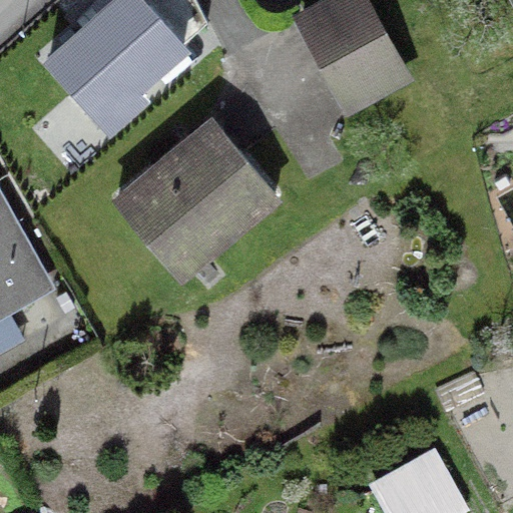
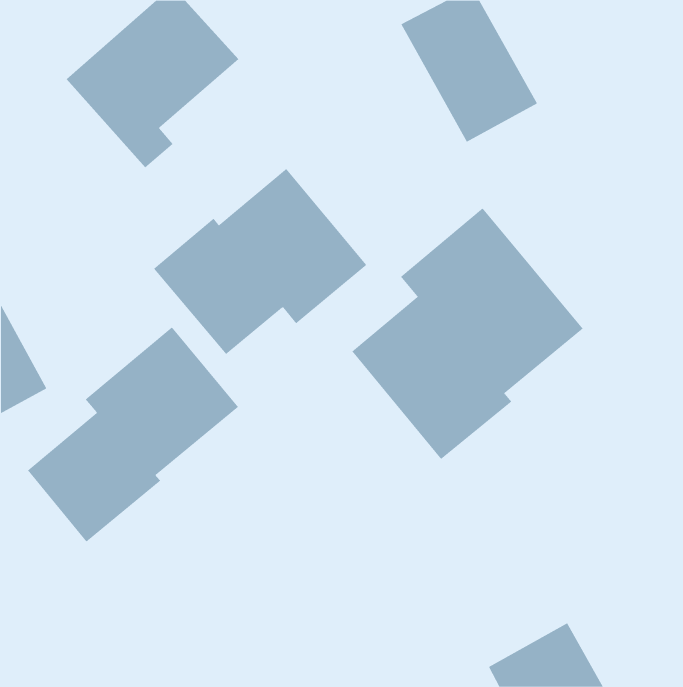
building: none -> [352,208,583,460]
building: none -> [27,327,239,543]

